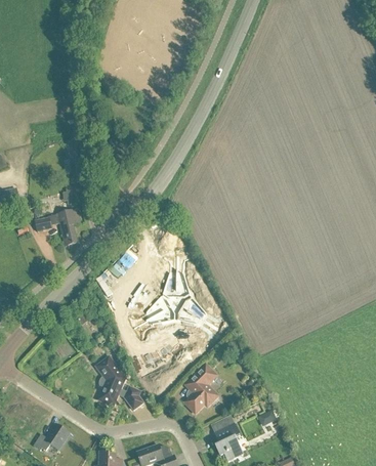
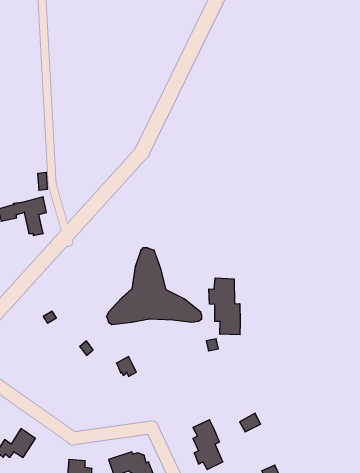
building: none -> [209,278,240,335]
building: [95,356,143,410] -> none
building: [183,365,217,413] -> none

